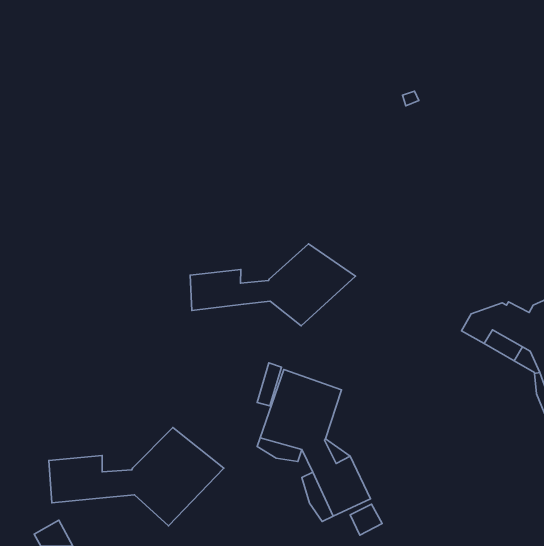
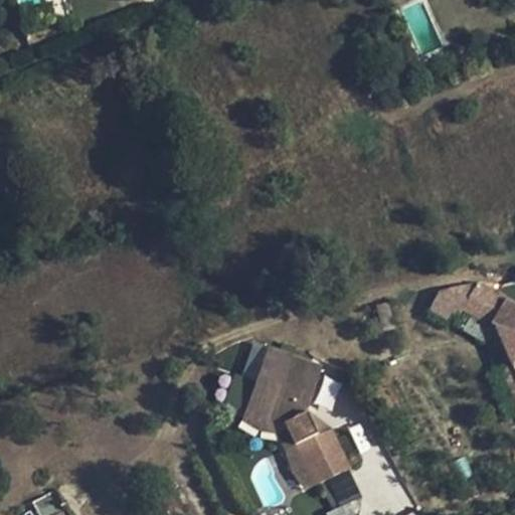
building: [190,244,355,326] -> none
building: [49,428,224,526] -> none

